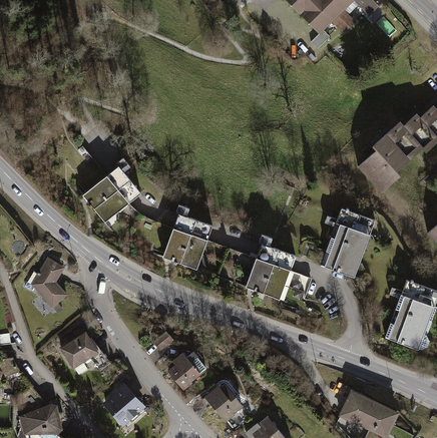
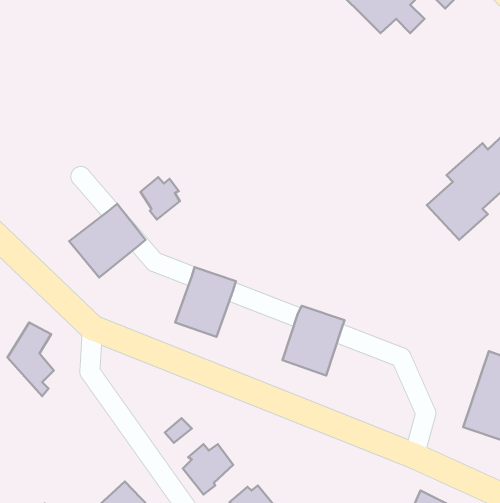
building: none -> [140,177,180,219]
building: [321,208,373,277] -> none
building: [55,326,100,370] -> none

